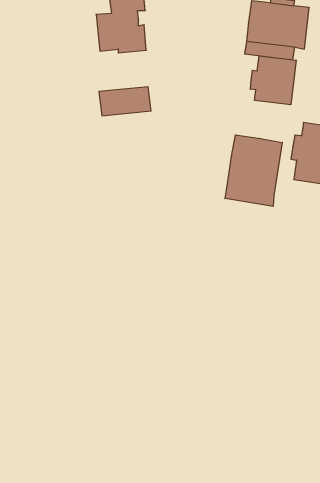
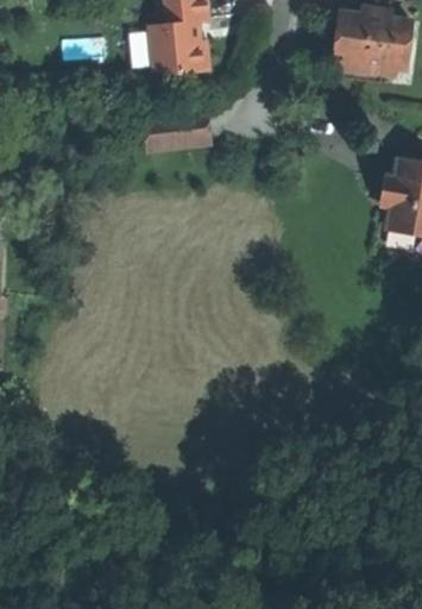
building: [250,56,296,105] -> none
building: [225,135,282,206] -> none

